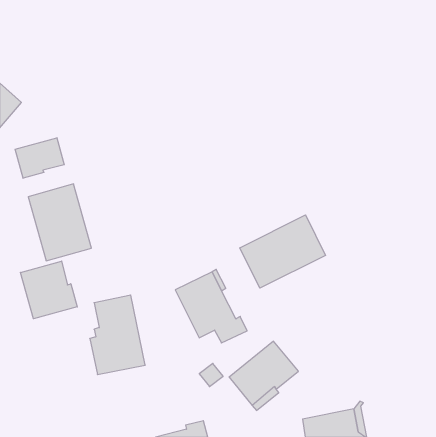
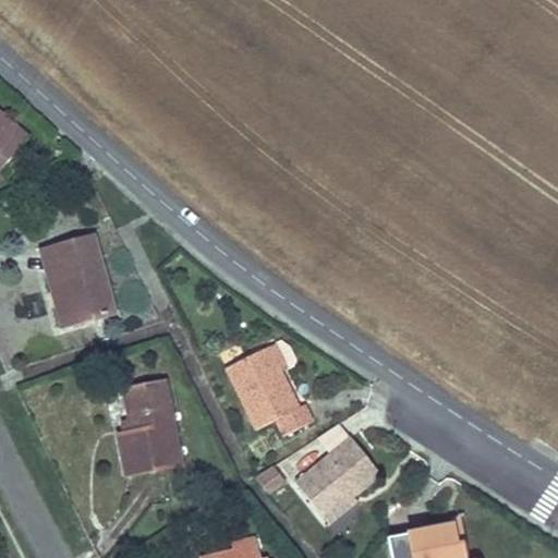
building: [15,138,64,178] -> none
building: [240,215,325,288] -> none
building: [20,261,77,319] -> none

